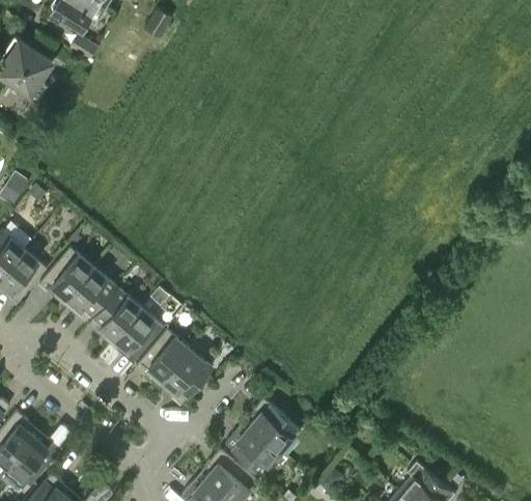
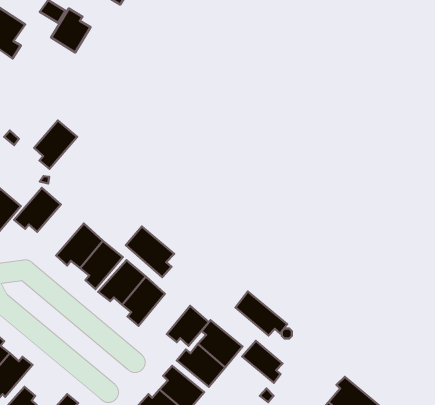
building: none -> [51,8,91,52]
building: [66,268,115,323] -> [34,120,77,169]
building: none -> [126,226,174,277]
building: none -> [235,291,287,336]
building: none -> [167,306,209,346]
building: none -> [242,341,283,383]

